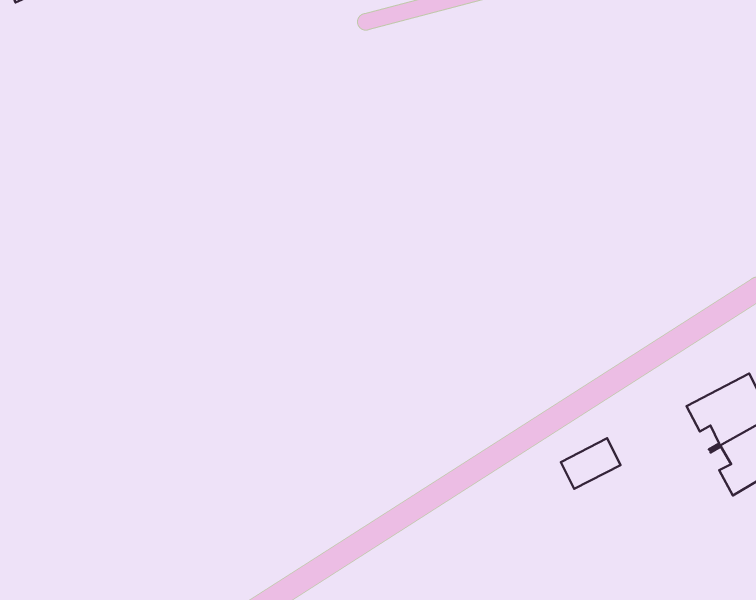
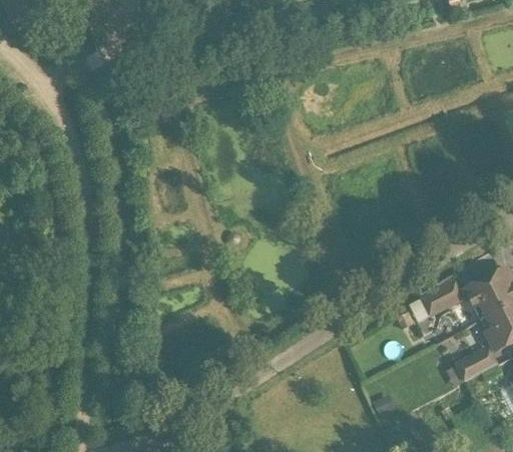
building: [561,438,620,489] -> [420,280,460,314]
building: none -> [454,346,494,380]

